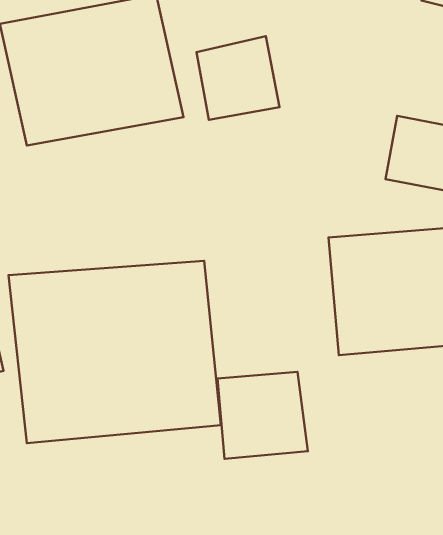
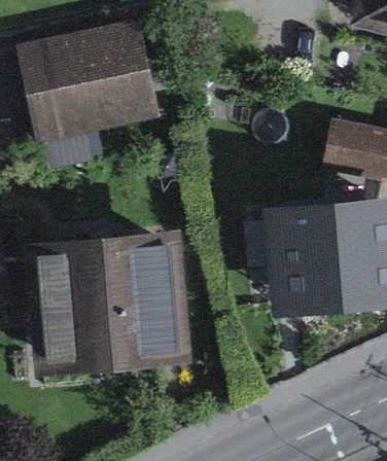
building: [197,36,279,120] -> none
building: [218,372,308,459] -> none

